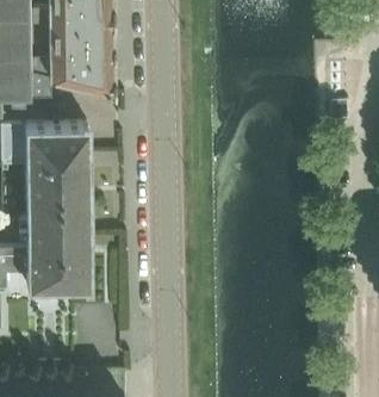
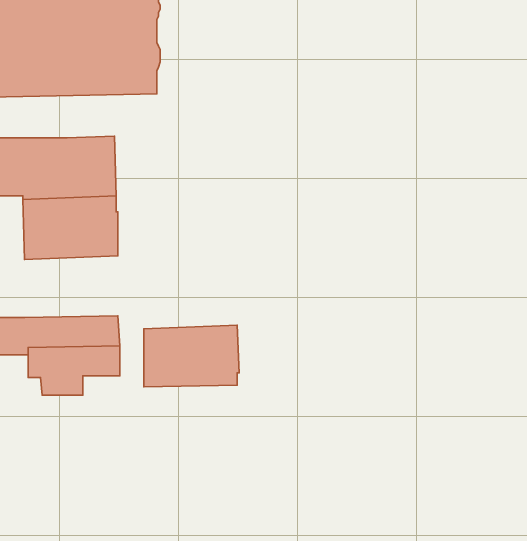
building: [23,203,87,244] -> [144,325,239,387]

